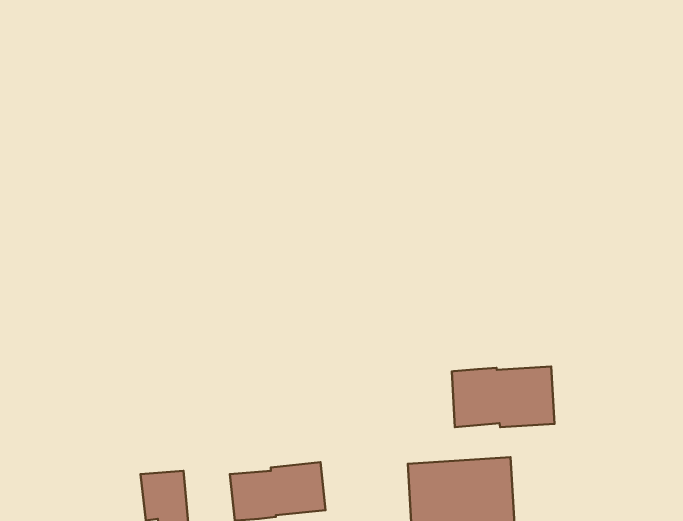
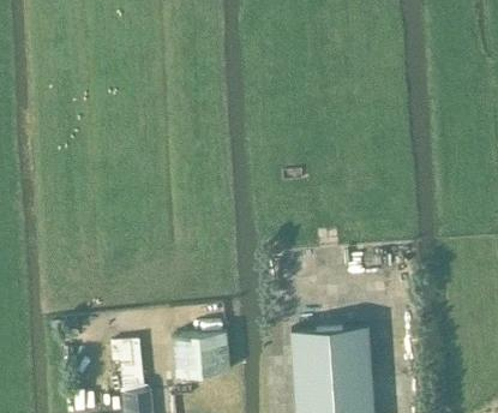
building: [452,366,554,427] -> none

